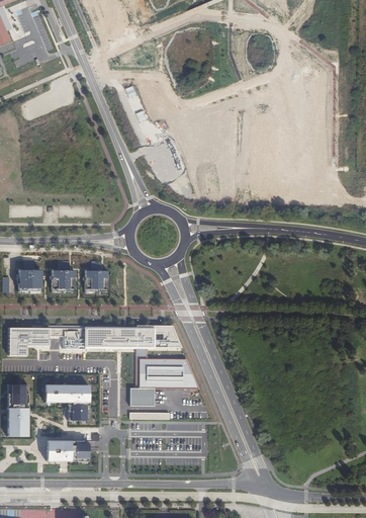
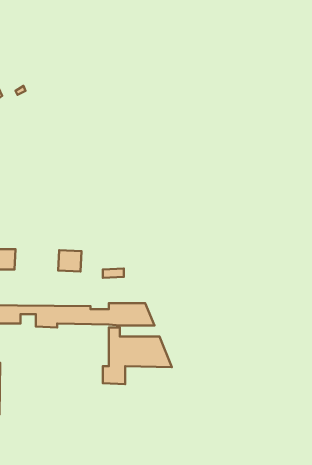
building: [53,271,75,292] -> none
building: [43,384,88,420] -> none
building: [45,440,87,460] -> none

